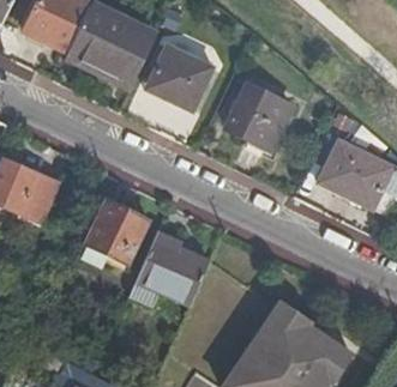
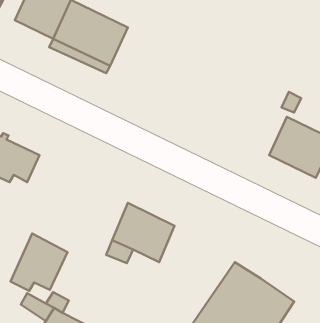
building: [145,47,207,108] -> none
building: [228,83,293,147] -> none
building: [82,199,148,265] -> [10,234,67,291]

